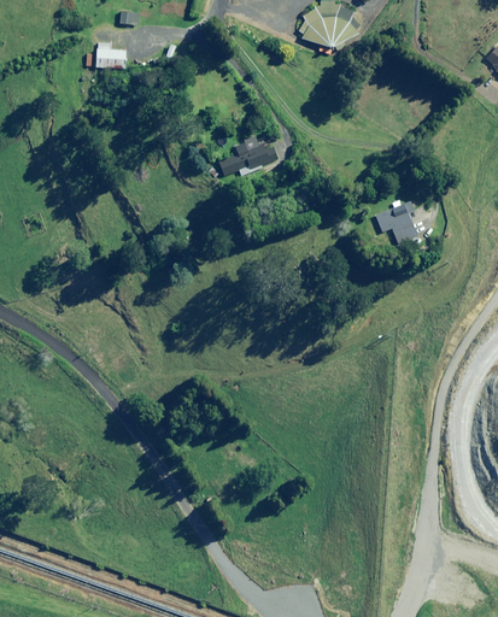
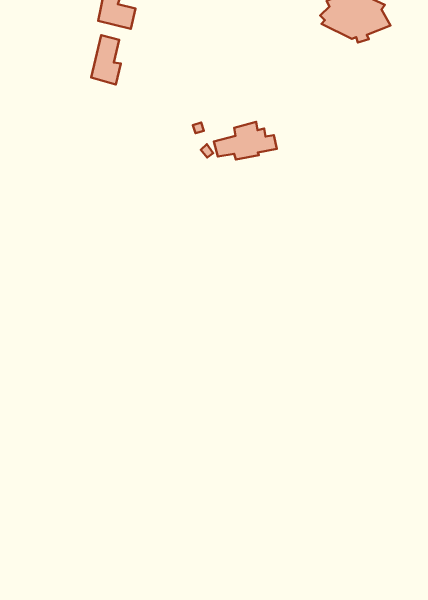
building: none -> [91,35,121,84]
building: [375,200,418,246] -> none

